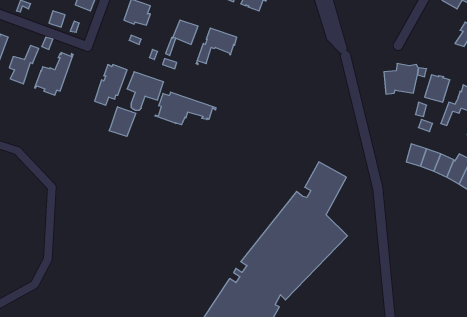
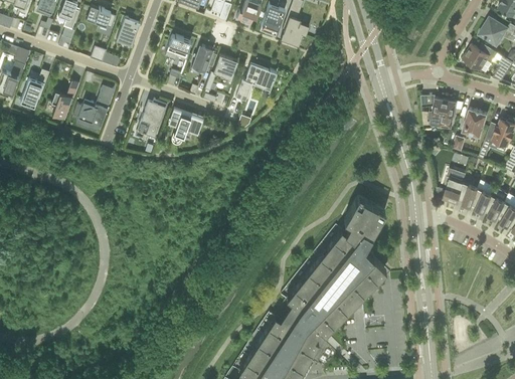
building: none -> [192,44,217,71]
building: none -> [464,45,498,71]
building: [155,92,216,125] -> none
building: [109,107,136,136] -> none

